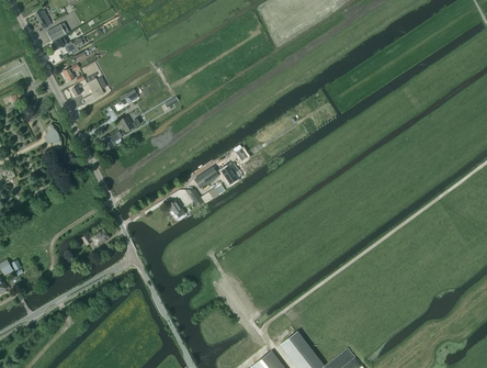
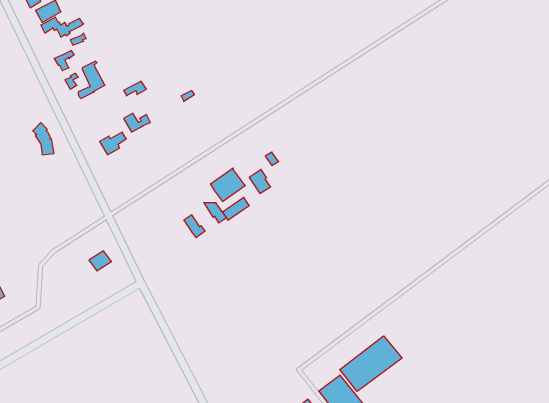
building: none -> [340,336,402,391]

